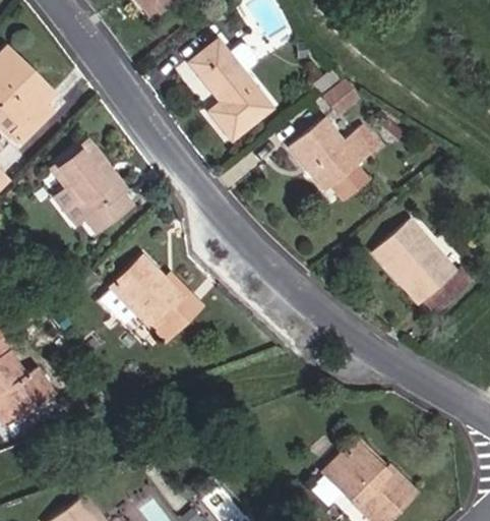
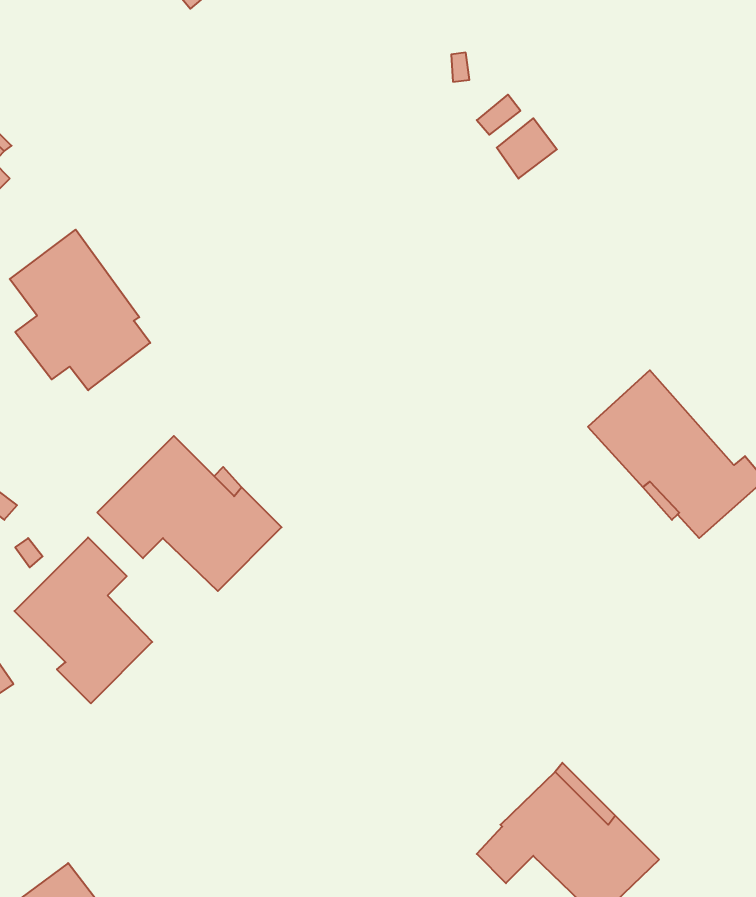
building: [189,41,271,140] -> none
building: [289,119,378,200] -> none
building: none -> [14,537,152,703]

